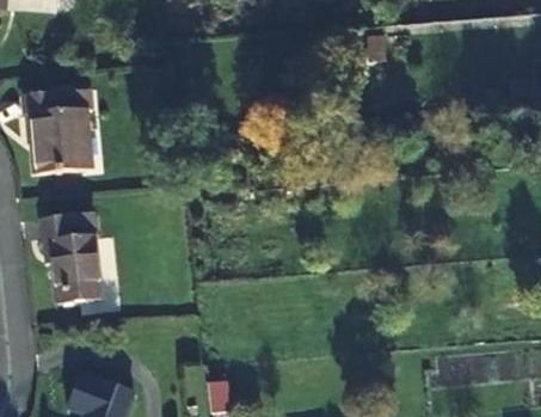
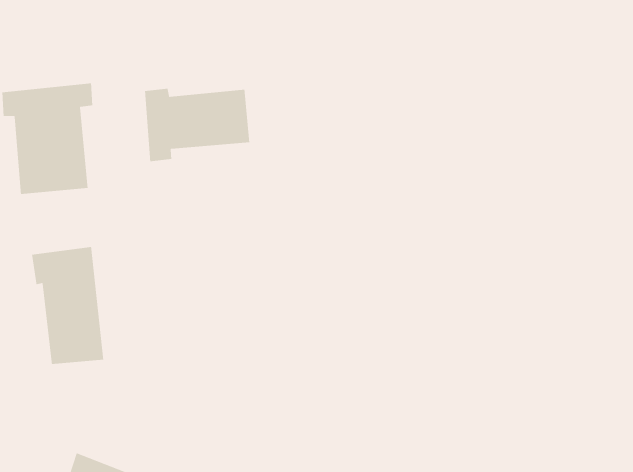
building: none -> [144,88,250,162]

